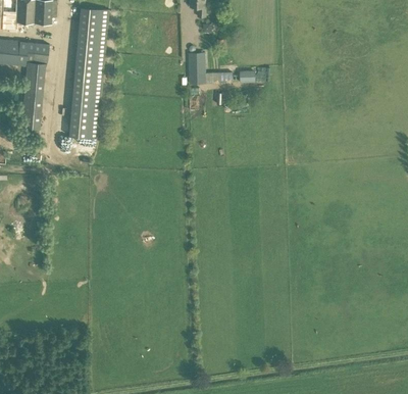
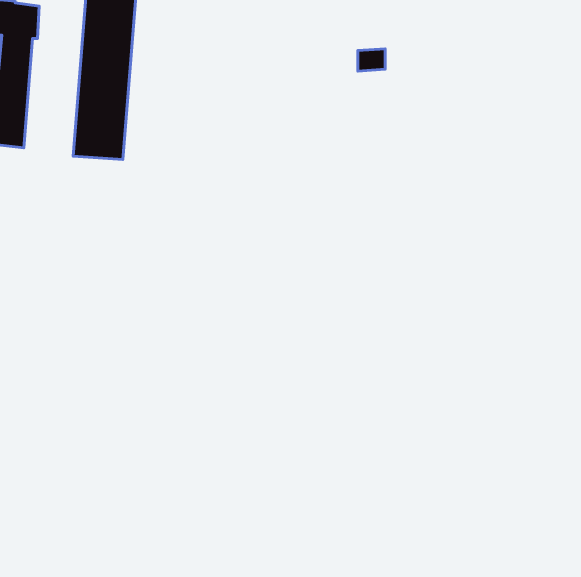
building: [188,53,232,84] -> none

